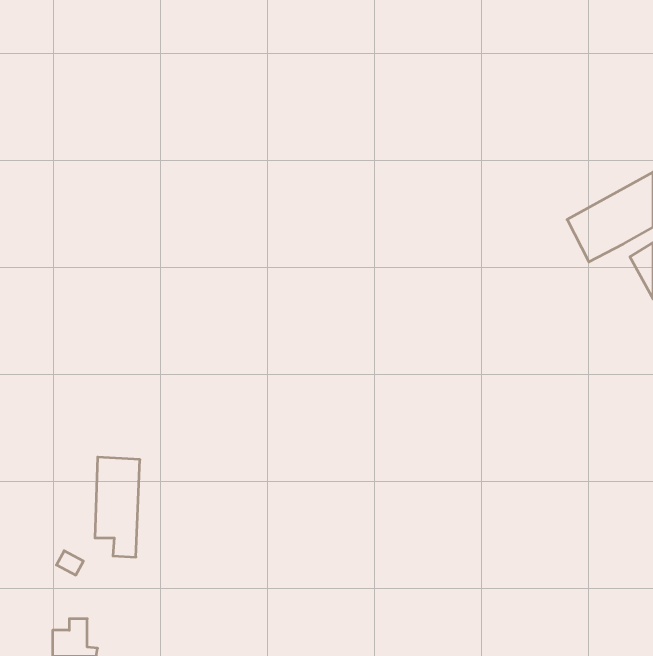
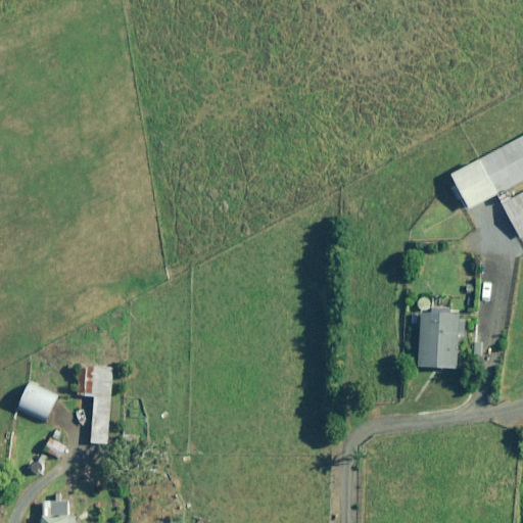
building: none -> [418,310,461,368]
building: none -> [20,383,58,422]

